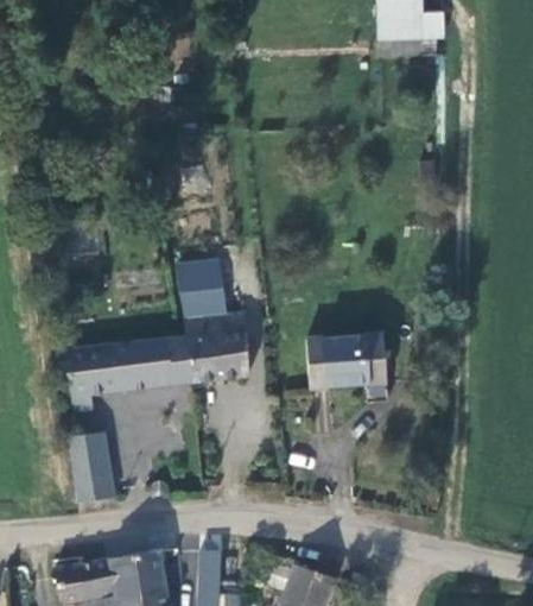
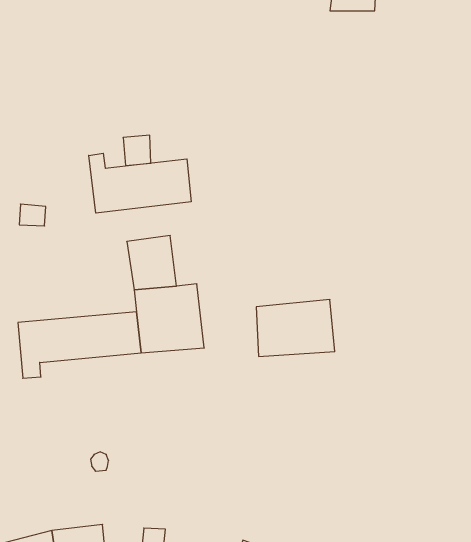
building: none -> [89,153,191,213]
building: [70,430,113,499] -> none

